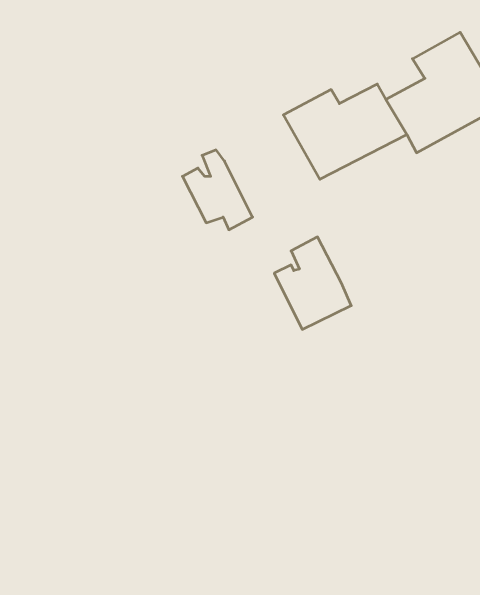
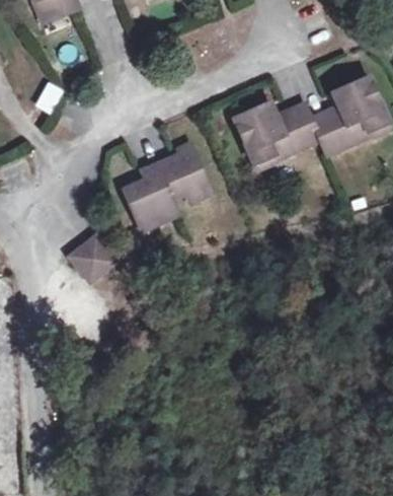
building: [274,237,351,329] -> [128,166,183,233]
building: none -> [73,242,119,287]

